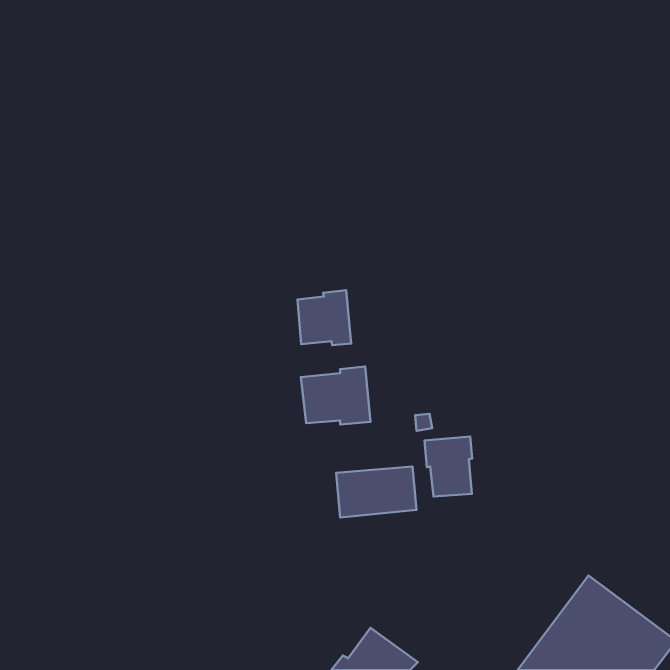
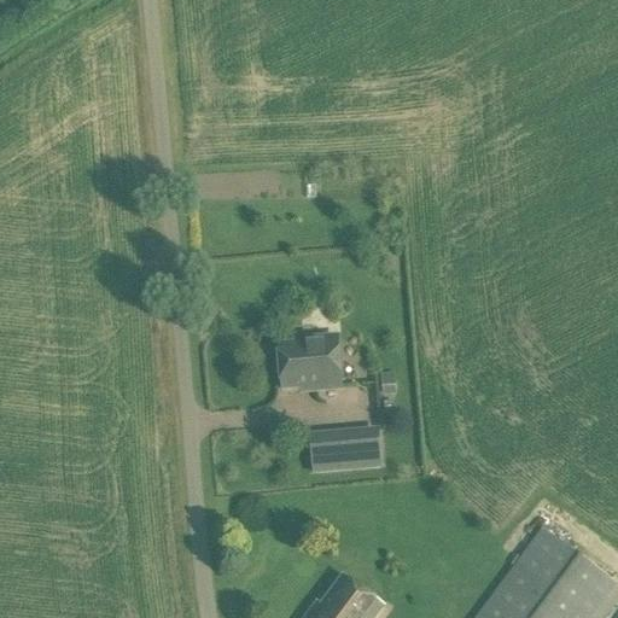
building: [297,290,351,345] -> none
building: [424,436,472,497] -> none

